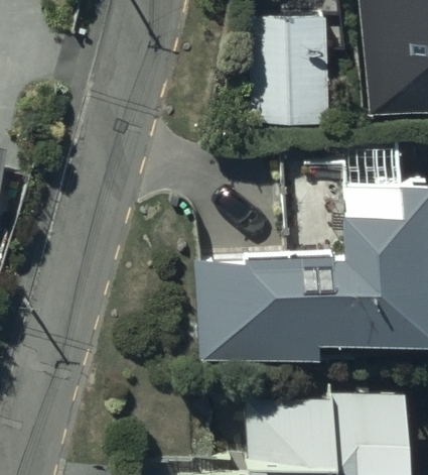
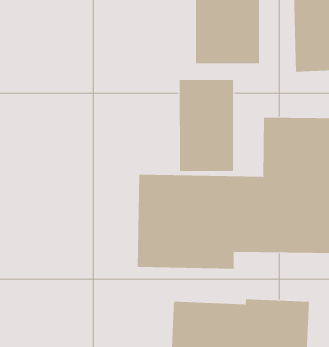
building: none -> [179,79,233,172]

